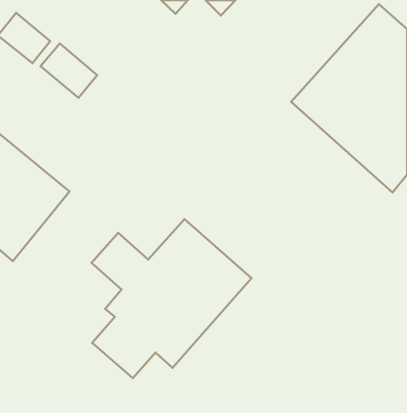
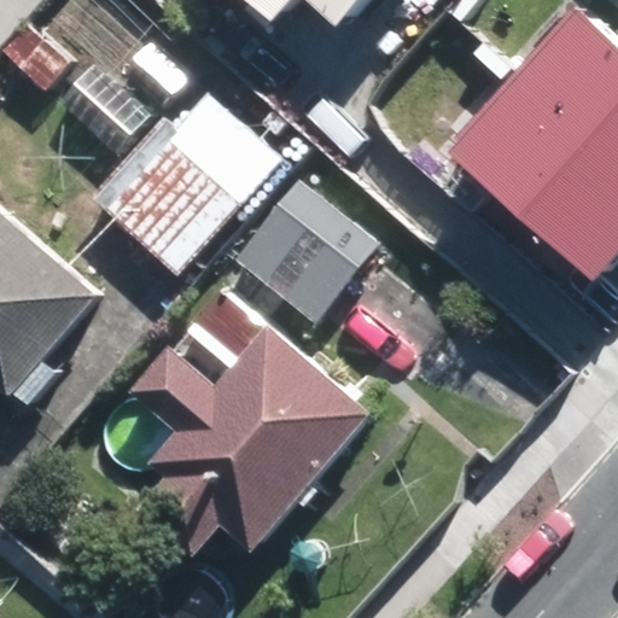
building: none -> [98,83,285,274]
building: none -> [238,179,381,322]

